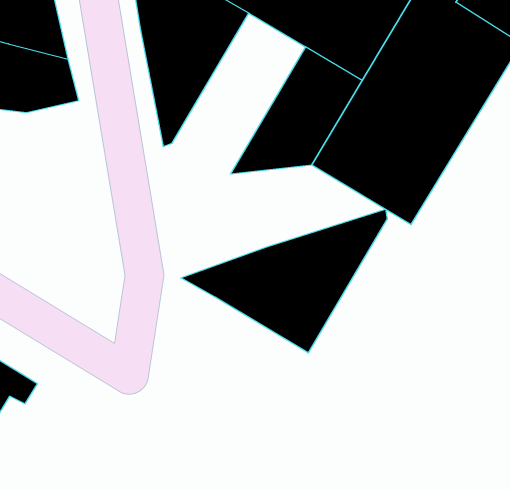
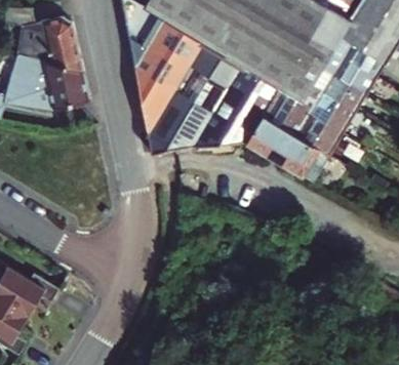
building: none -> [145,39,240,152]
building: [181,209,387,353] -> none

